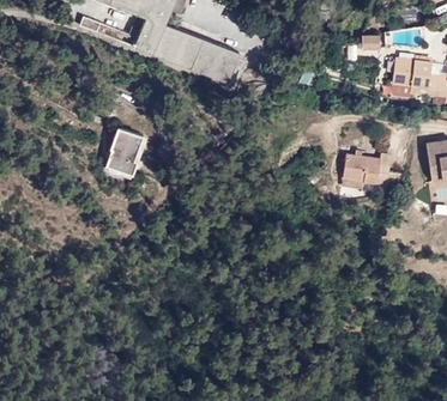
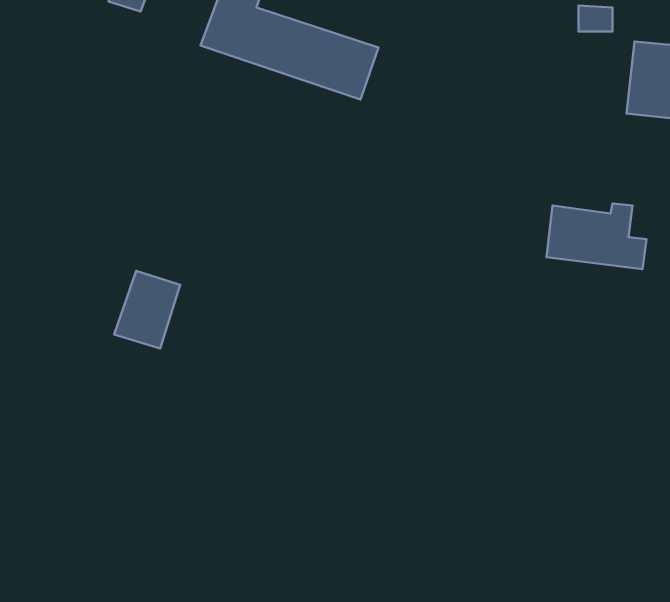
building: [105,133,145,180] -> [114,271,180,349]

